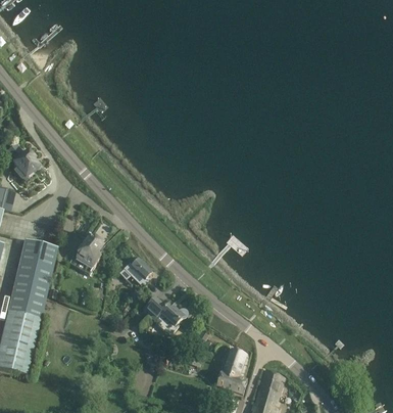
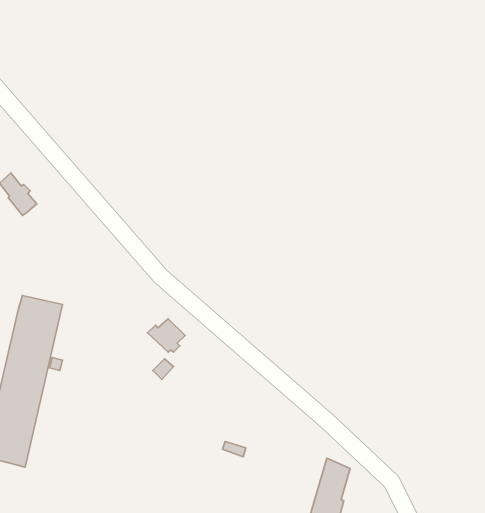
building: [77,235,100,273] -> none
building: [144,296,187,330] -> none
building: [216,348,247,392] -> none

